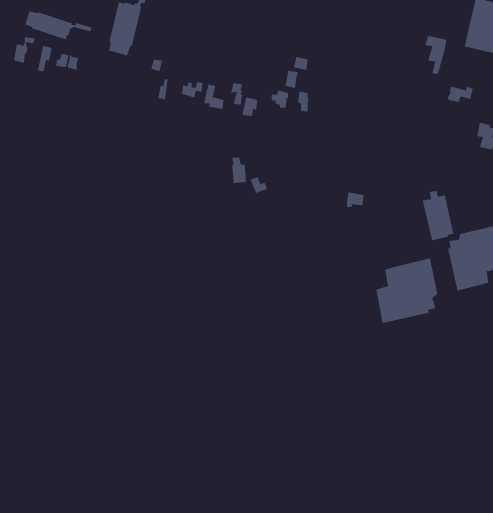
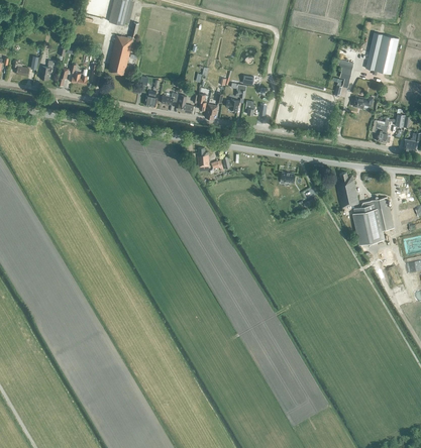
building: [25,11,93,40] -> none
building: [376,257,438,324] -> none

